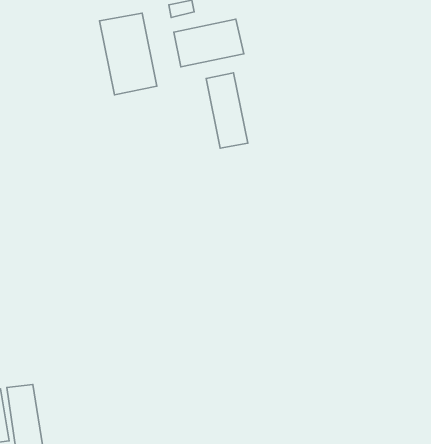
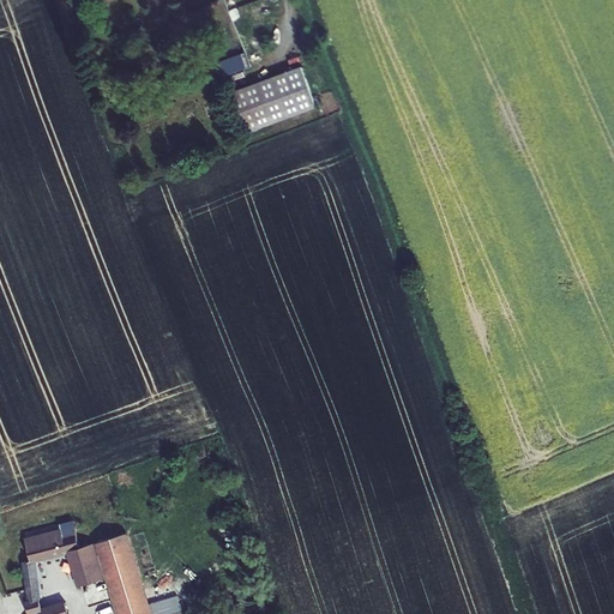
building: [99,13,157,95] -> none
building: [206,73,248,148] -> none

